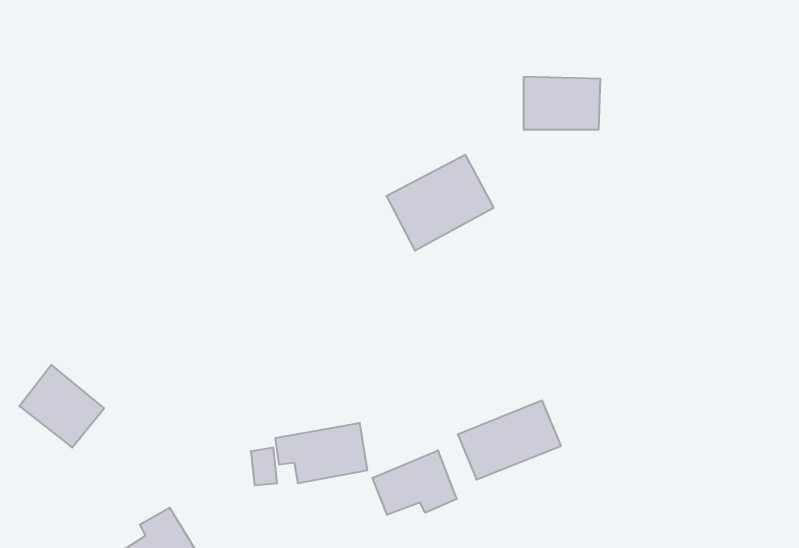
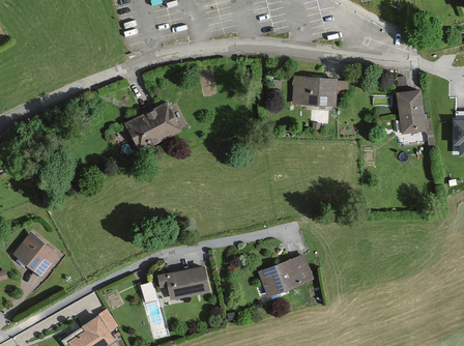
building: none -> [398,91,424,131]
building: [386,155,494,251] -> [121,102,180,154]
building: [372,450,457,515] -> none

